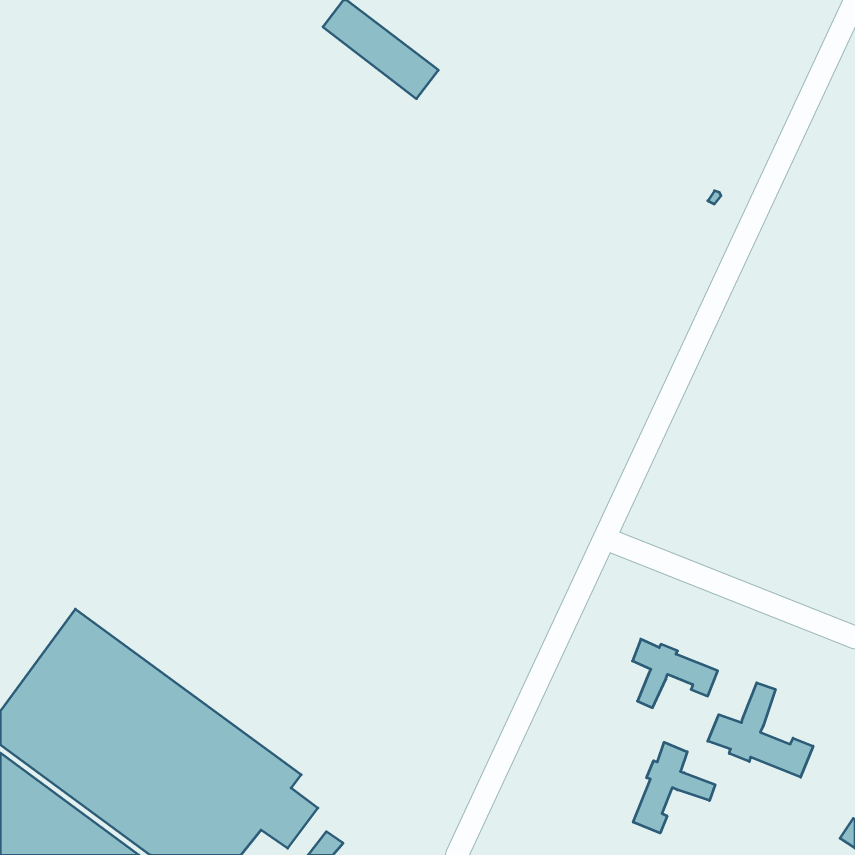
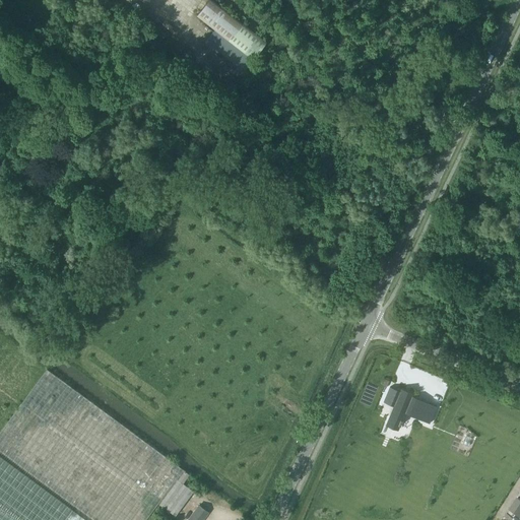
building: [708,683,813,777] -> none
building: [633,742,715,833] -> none

